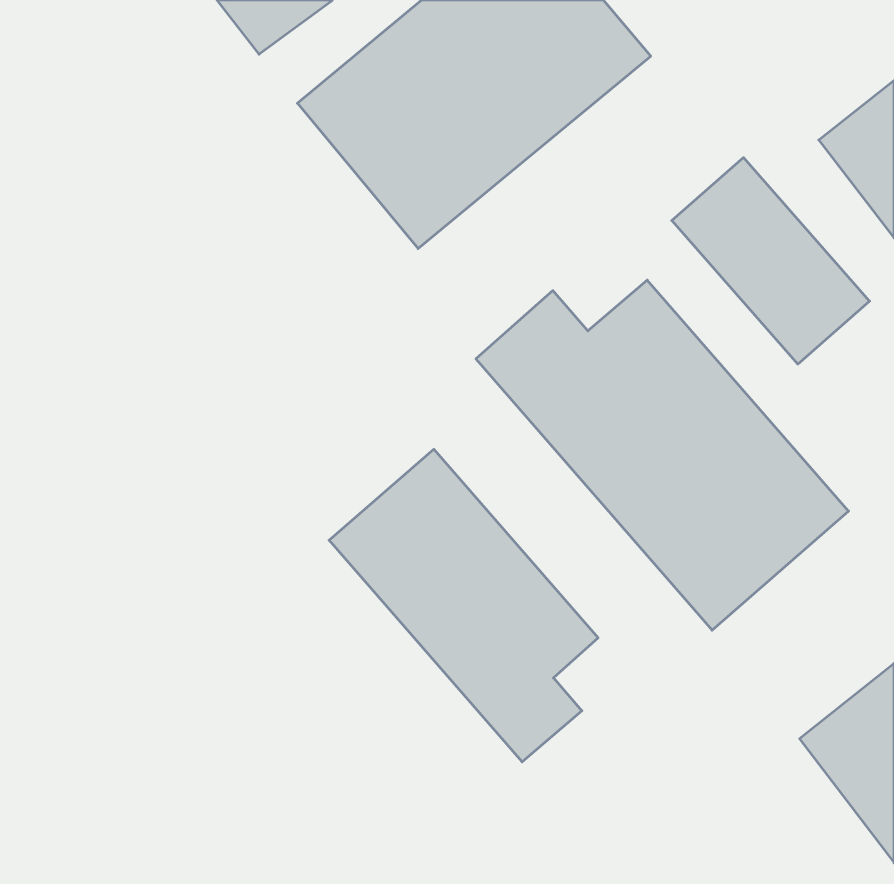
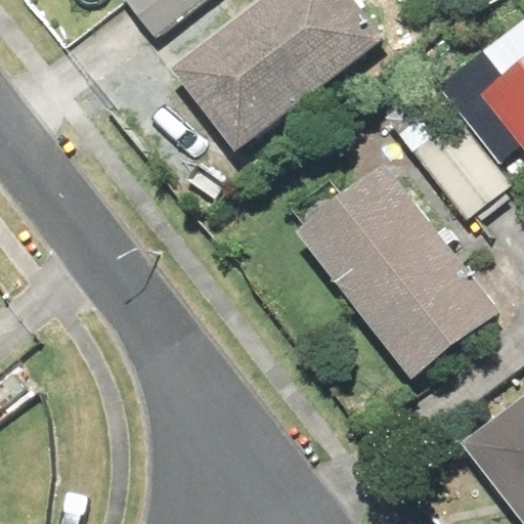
building: [329,449,598,762] -> none

